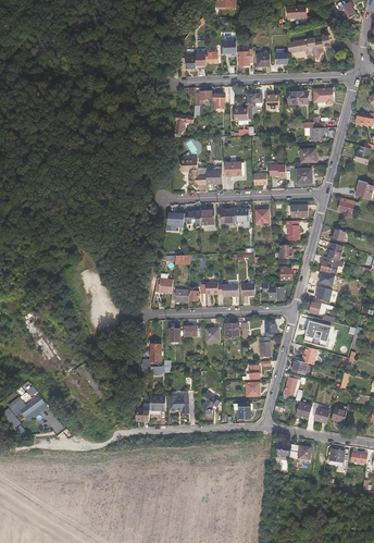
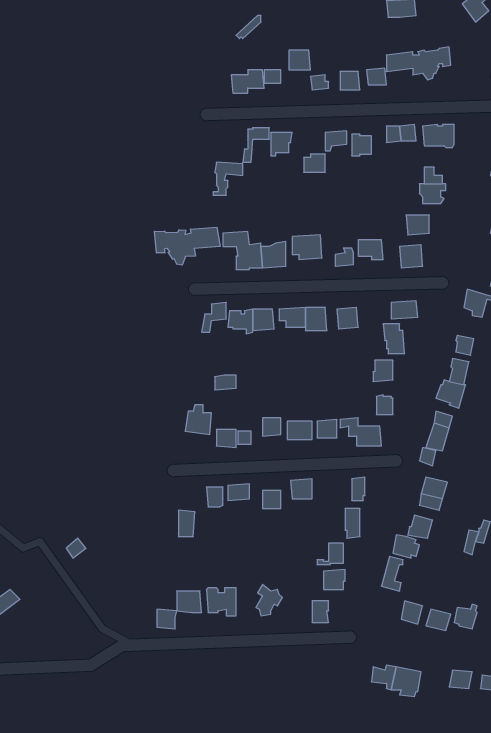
building: none -> [154,227,220,265]

